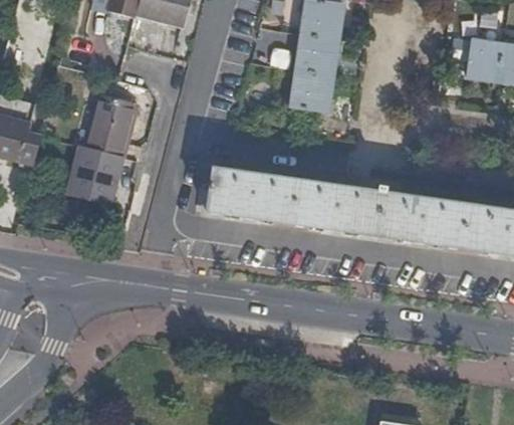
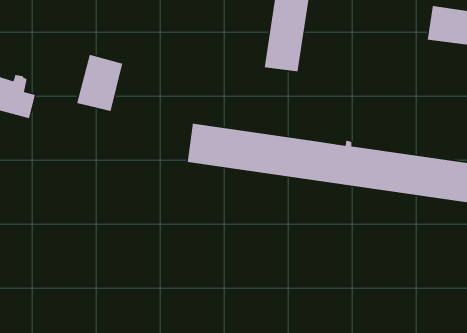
building: [69,146,123,204] -> none

